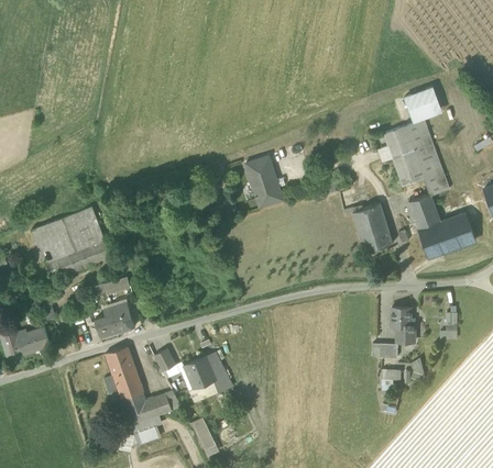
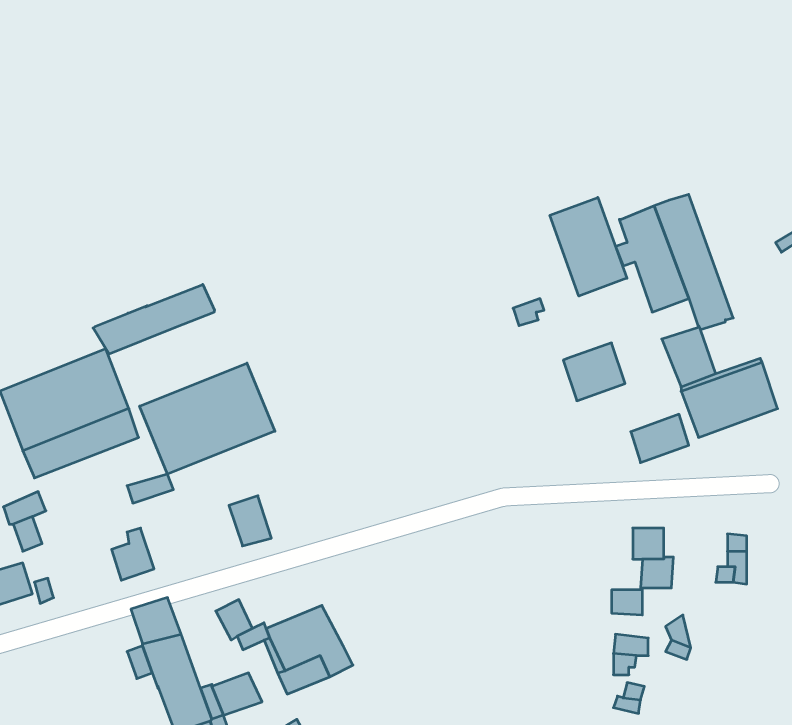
building: [404,86,442,121] -> none
building: none -> [550,197,627,296]
building: [245,155,283,205] -> none
building: none -> [93,284,214,354]
building: none -> [140,363,275,474]
building: [360,225,393,253] -> [631,414,689,463]
building: [111,302,135,331] -> [229,496,271,546]

